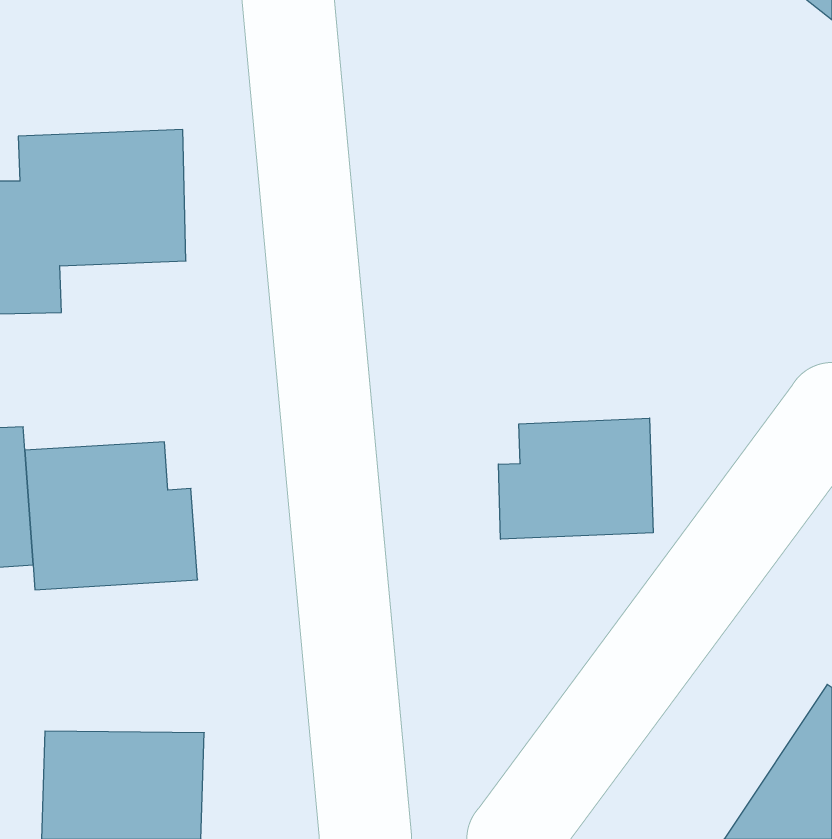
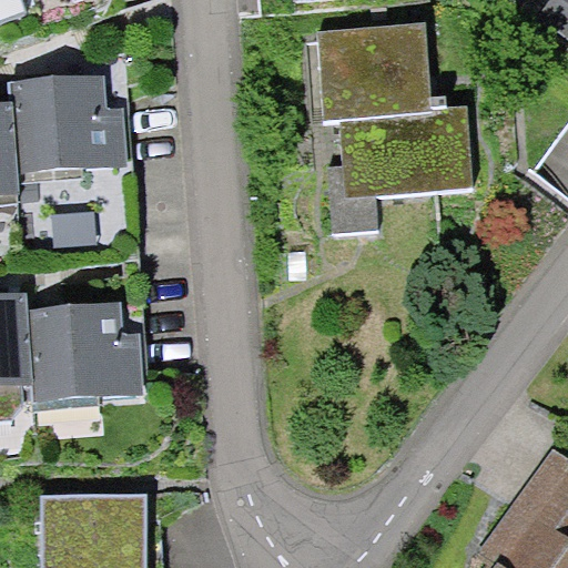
building: none -> [327,39,481,211]
building: [498,418,653,539] -> none

